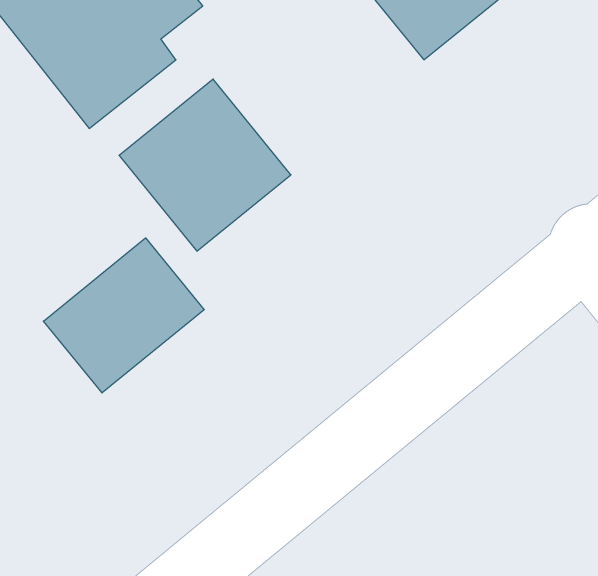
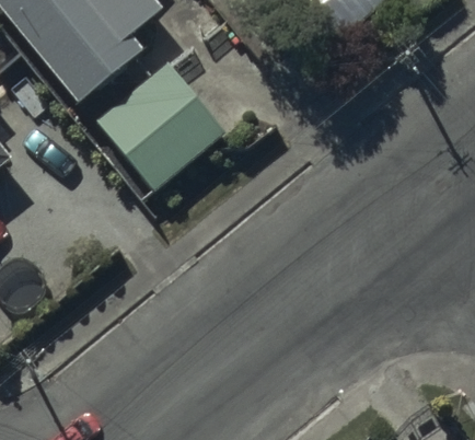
building: [43,238,204,393] -> none

